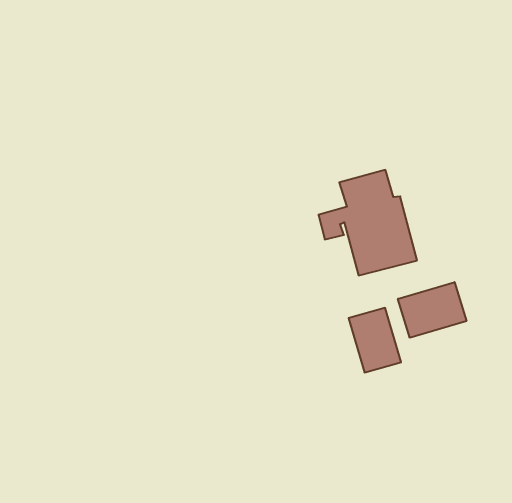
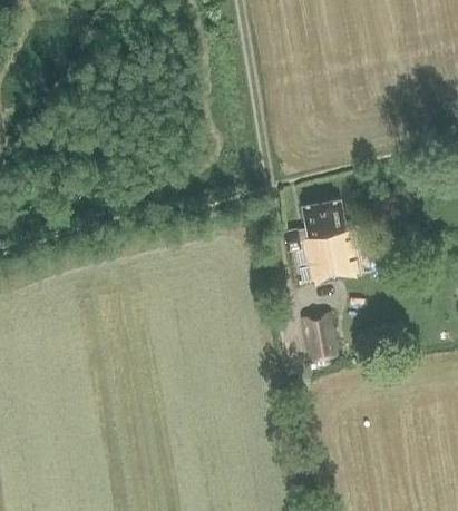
building: [398,282,466,338] -> none

